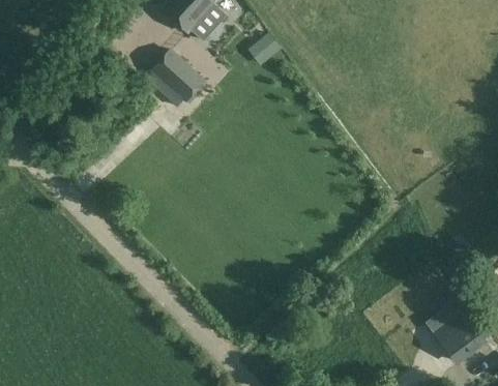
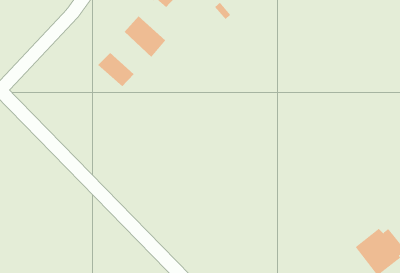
building: none -> [97,52,134,87]

